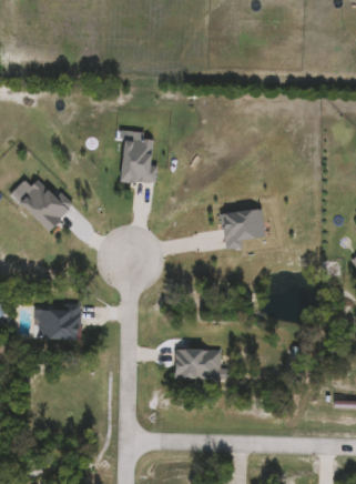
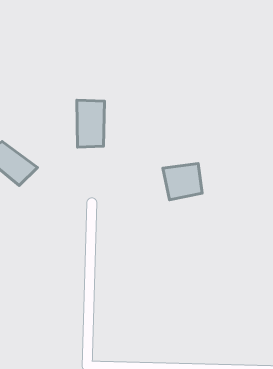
building: [40,305,82,339] -> none
building: [172,345,222,380] -> none

